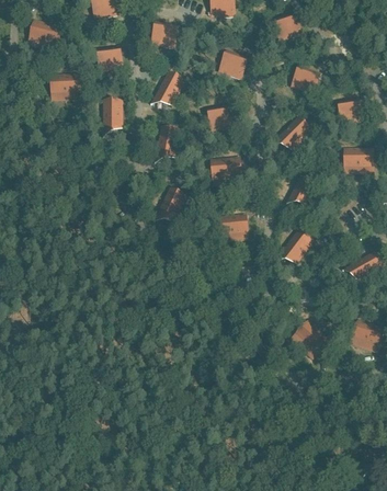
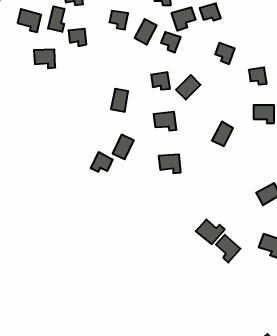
building: none -> [48,6,64,32]
building: none -> [172,7,196,31]
building: [153,72,183,106] -> [135,19,157,45]
building: [102,101,121,129] -> none
building: [277,117,310,150] -> [176,75,201,100]
building: none -> [91,152,113,172]
building: [280,230,311,264] -> none
building: none -> [196,219,225,244]

